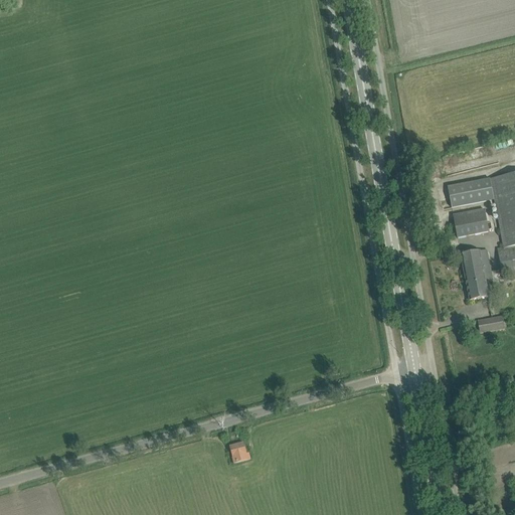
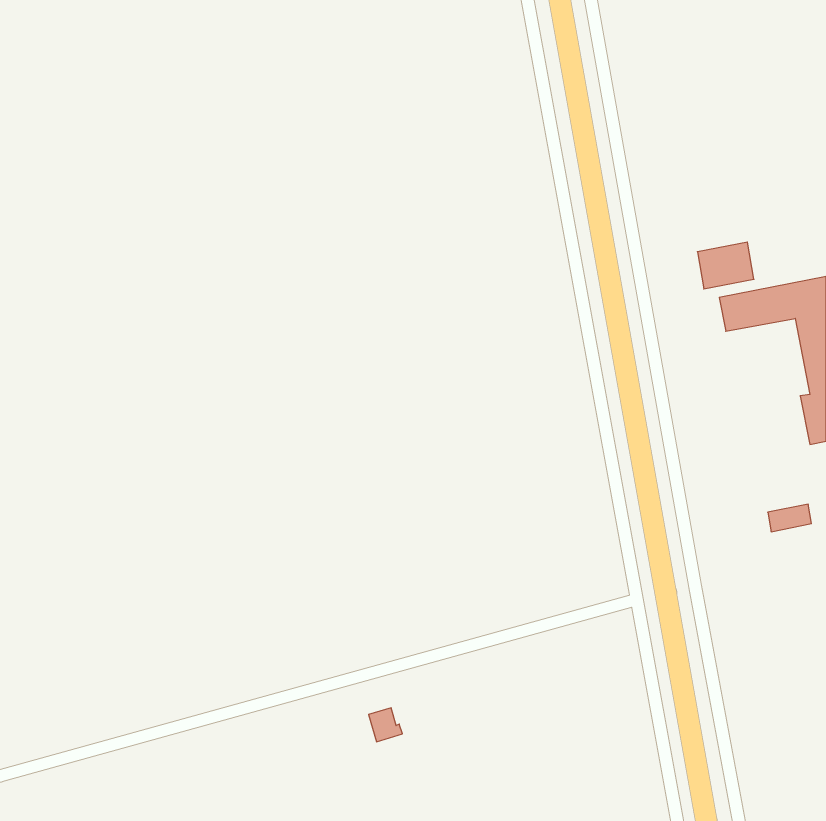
building: [454,207,489,236] -> [697,242,754,289]
building: [461,247,491,299] -> none

